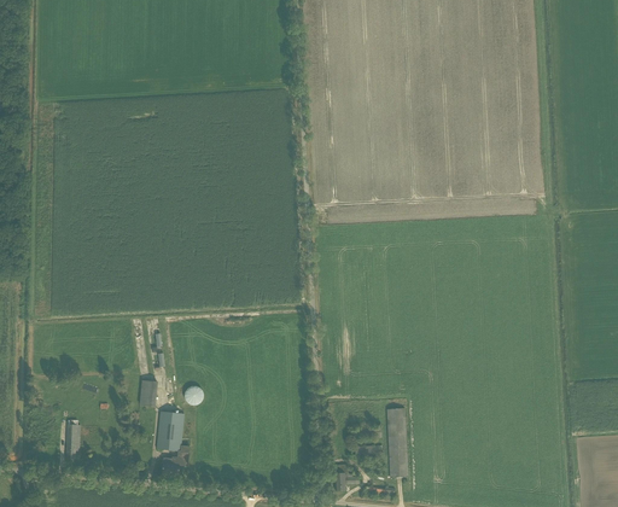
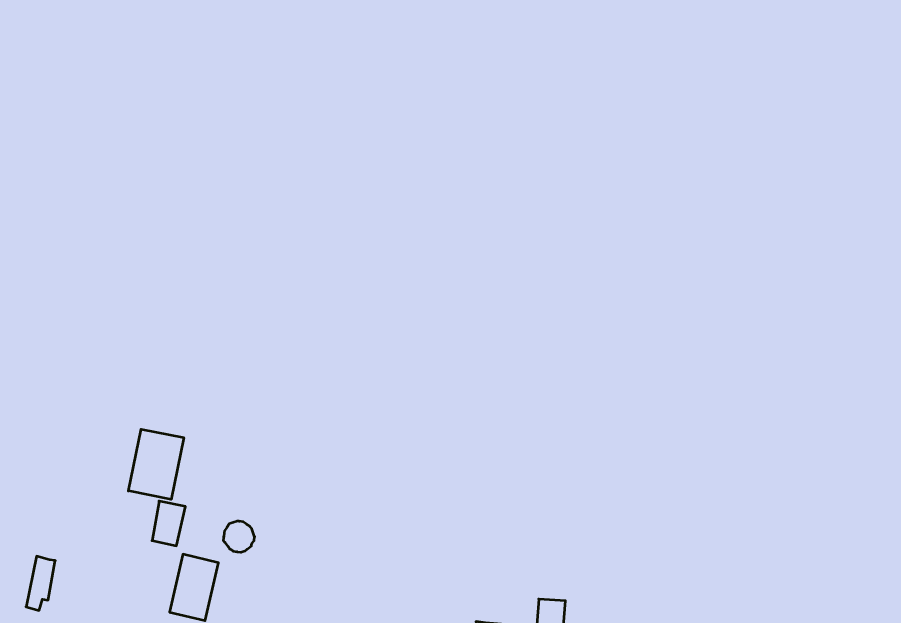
building: none -> [128,429,184,499]

